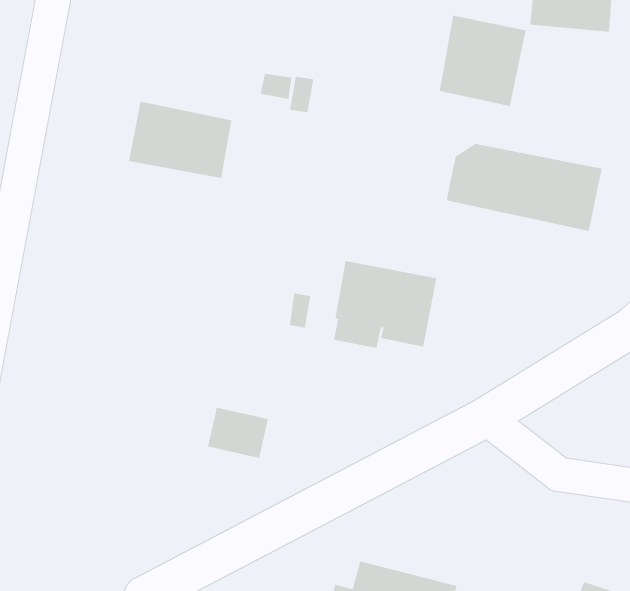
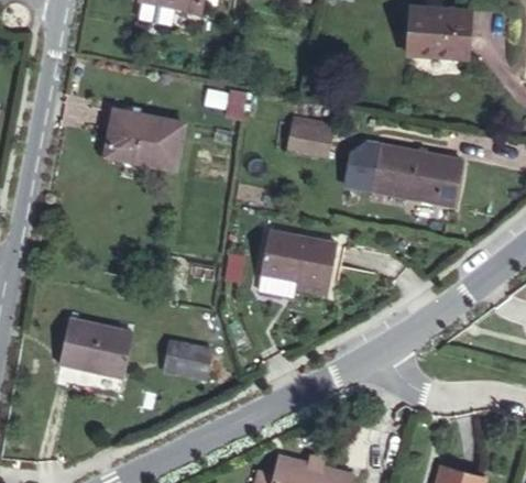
building: [439,15,526,107] -> none
building: none -> [287,122,330,154]
building: none -> [59,317,132,377]

